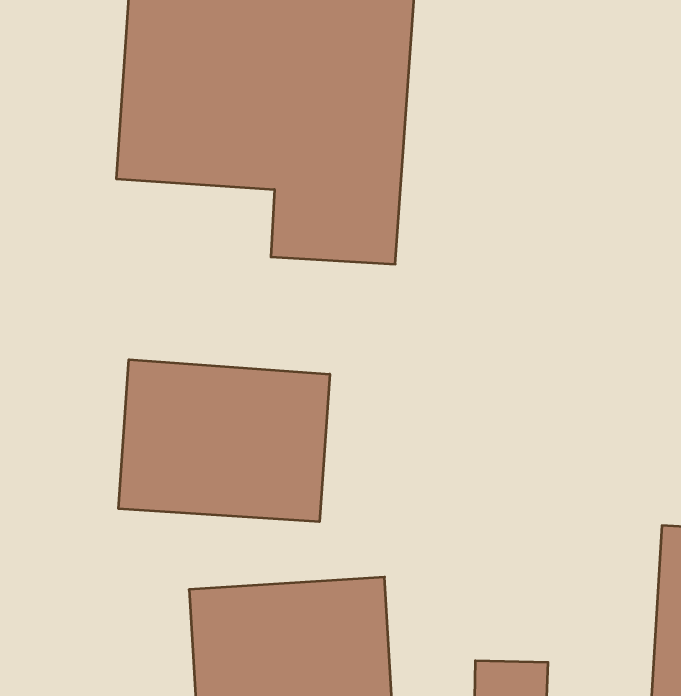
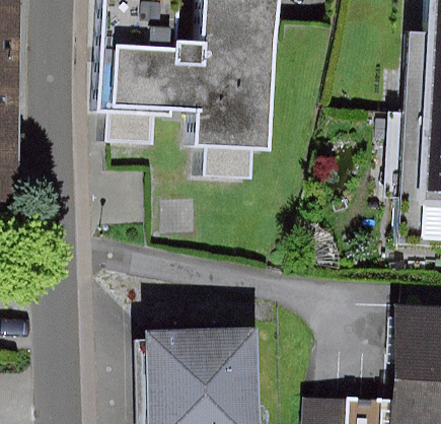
building: [119,360,330,522] -> none

